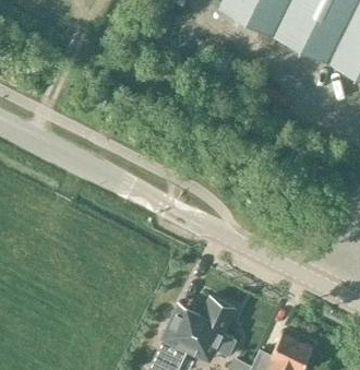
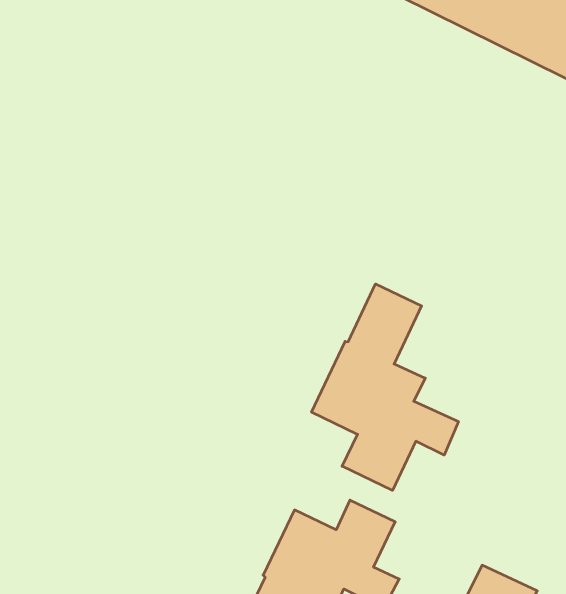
building: none -> [312,284,458,490]

